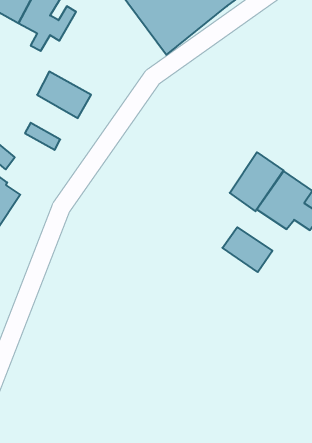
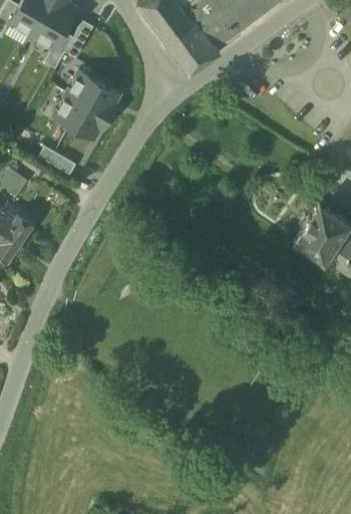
building: none -> [64,67,122,114]
building: [230,152,284,211] -> none
building: [222,227,272,272] -> none

